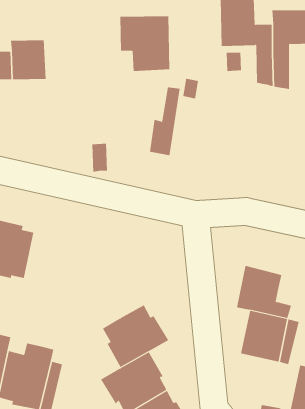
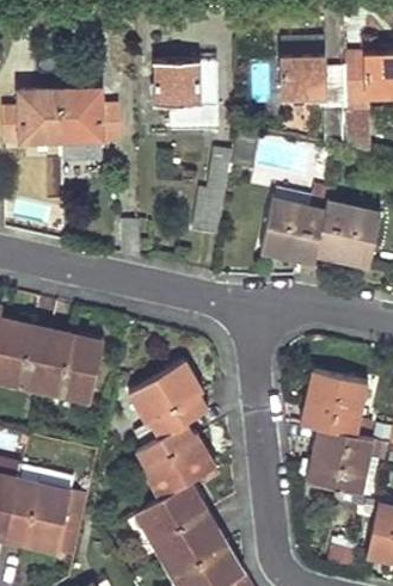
building: none -> [62,91,118,141]
building: none -> [262,190,380,269]
building: none -> [37,331,103,403]
building: none -> [128,360,209,438]

